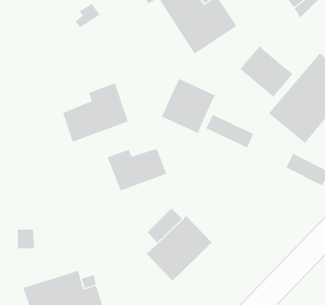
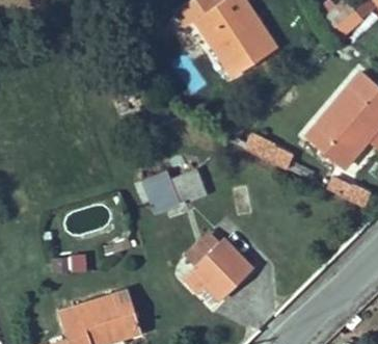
building: [240,45,293,98] -> none
building: [161,78,216,134] -> none
building: [62,82,129,142] -> none

